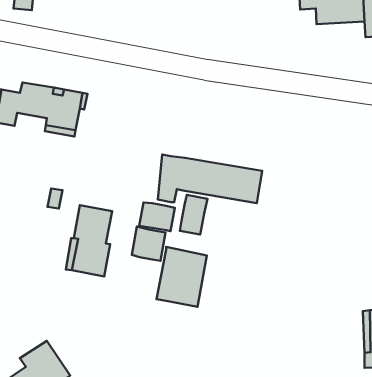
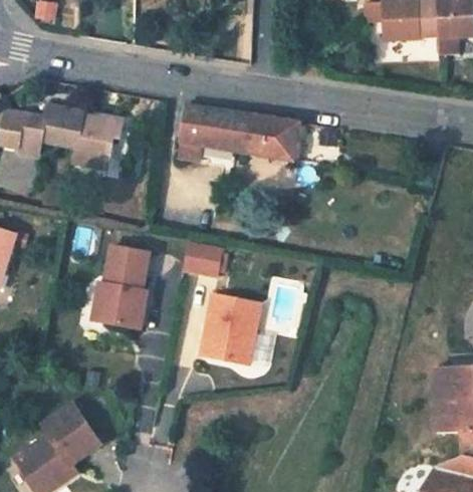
building: [158,154,262,203] -> [180,103,300,160]
building: [180,195,207,235] -> none
building: [132,227,166,261] -> none

